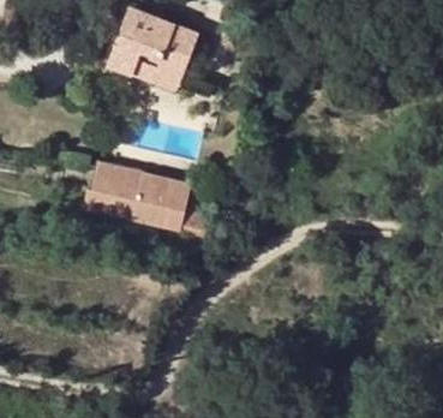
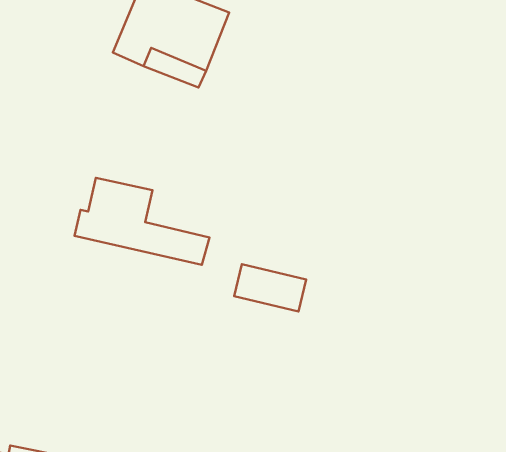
building: [132,173,188,210] -> [234,264,306,312]

